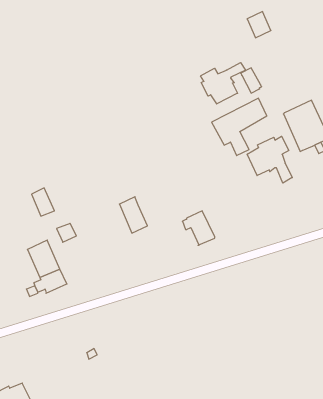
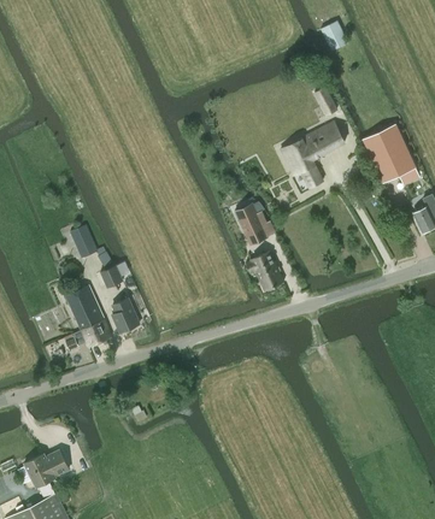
building: [201,63,246,104] -> none
building: [247,136,292,183] -> none
building: [119,197,147,233] -> [234,202,266,244]
building: none -> [111,297,137,331]

